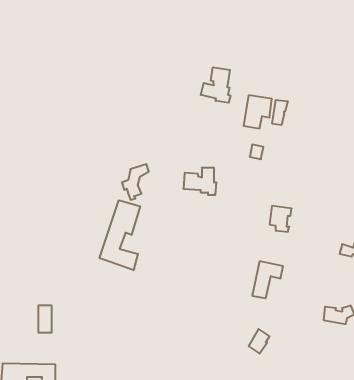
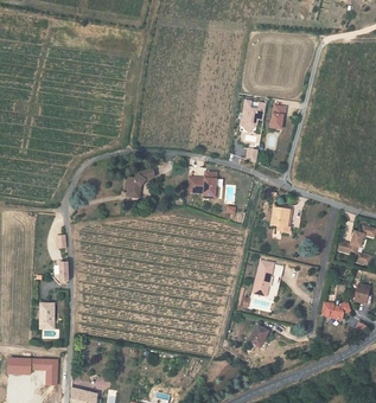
building: [201,67,230,103] -> none
building: [100,200,140,270] -> none

